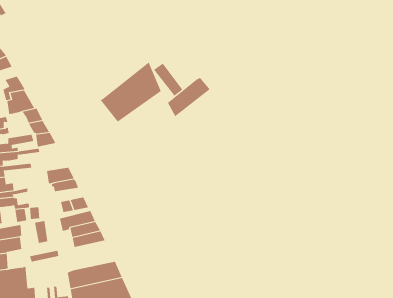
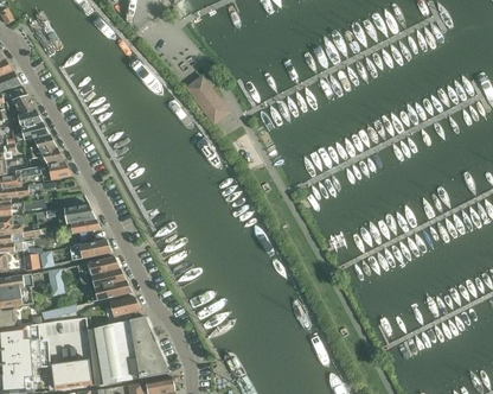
building: [100,62,162,123] -> none
building: [167,77,211,117] -> none
building: none -> [110,296,145,322]

